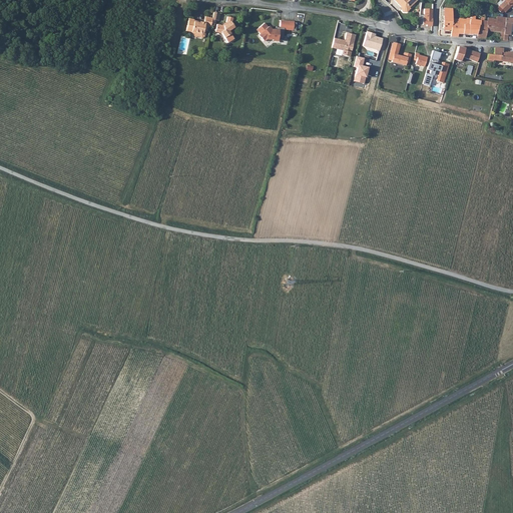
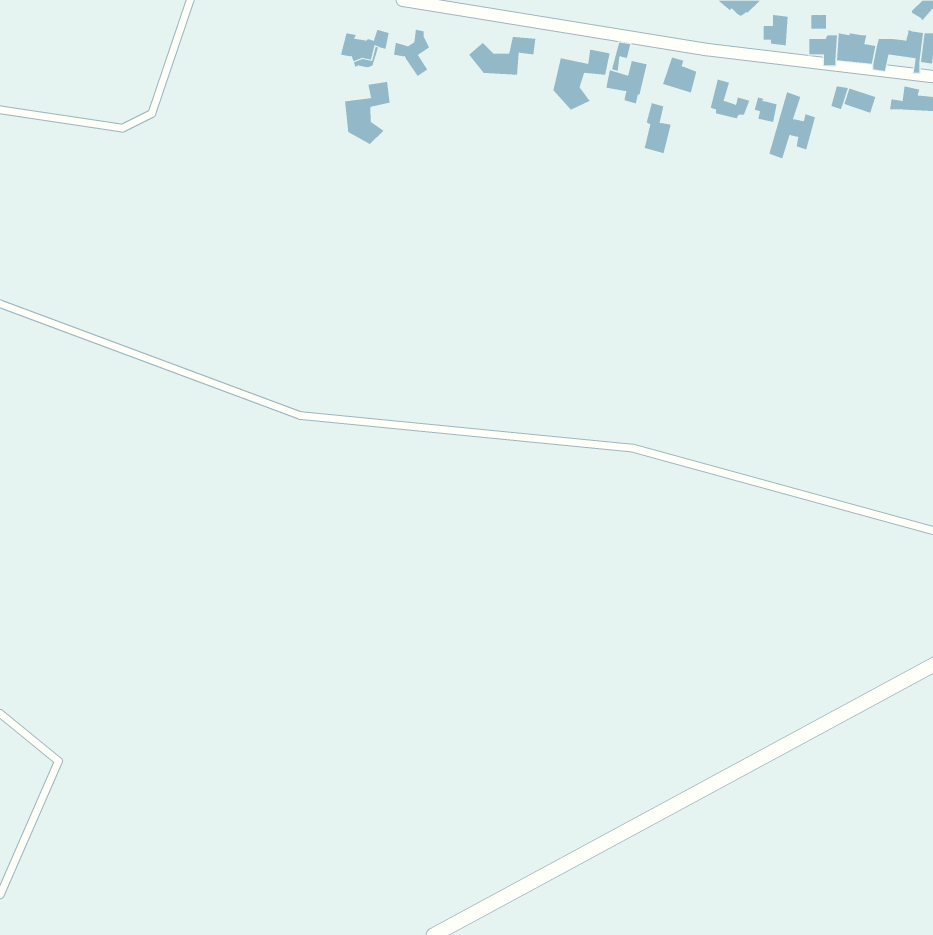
building: none -> [553,49,610,110]
building: none -> [345,81,390,145]

